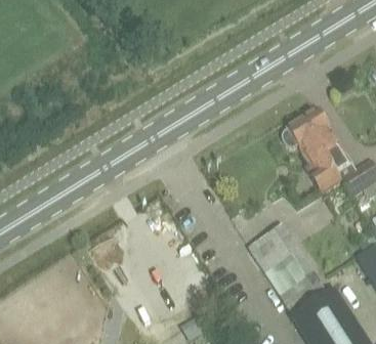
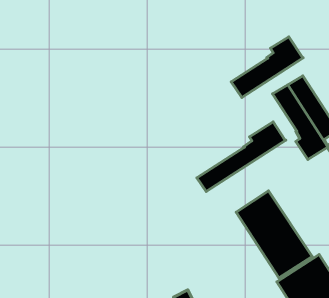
building: none -> [231,37,303,98]
building: none -> [197,122,286,191]

